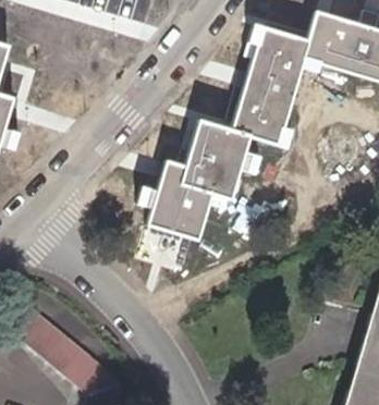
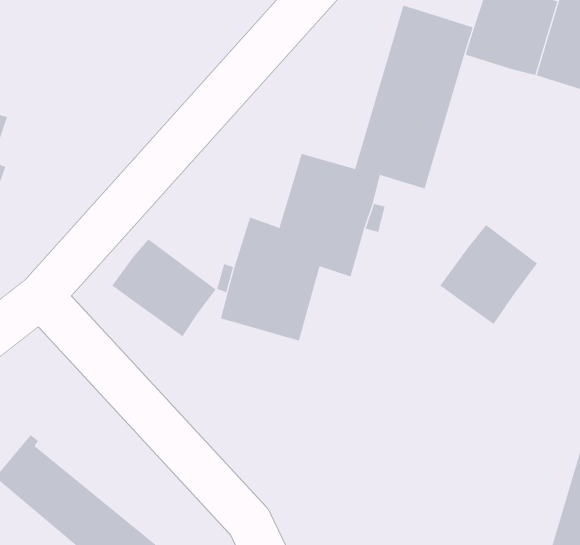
building: none -> [440,224,538,325]
building: none -> [112,239,217,337]

